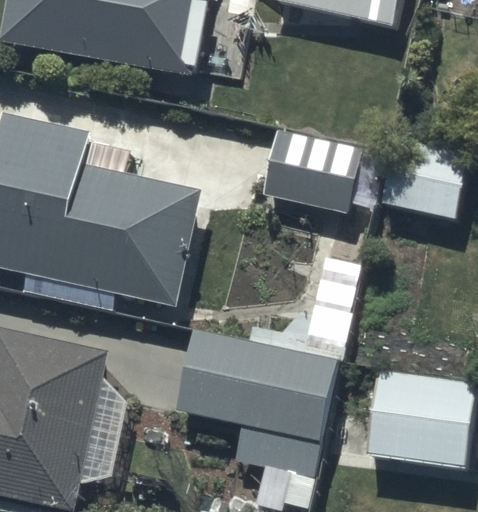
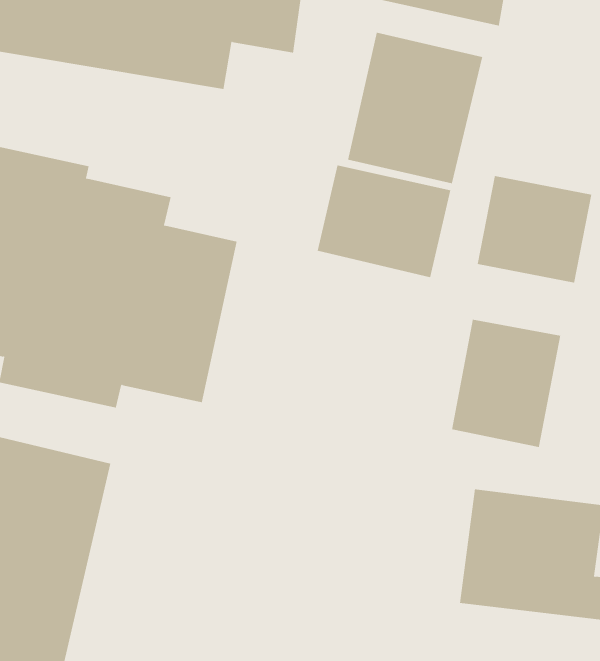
building: none -> [348,32,483,184]
building: none -> [451,319,561,448]
building: [177,329,338,476] -> none

